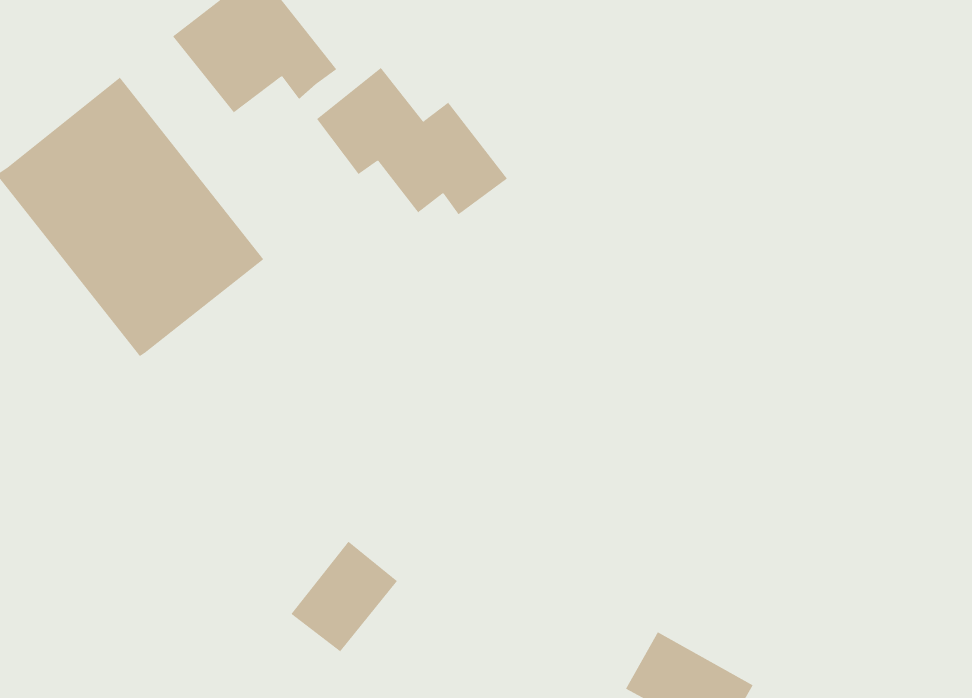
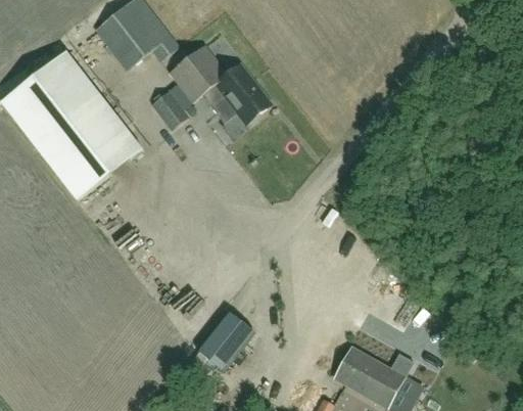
building: none -> [150,89,192,131]
building: [290,541,398,652] -> [197,311,254,370]

